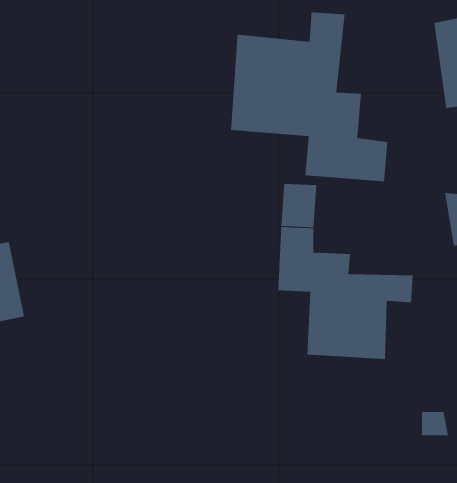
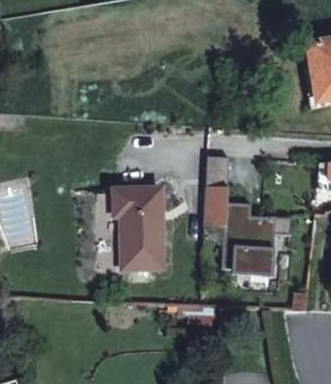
building: [230,11,388,182] -> none
building: none -> [112,185,162,266]

